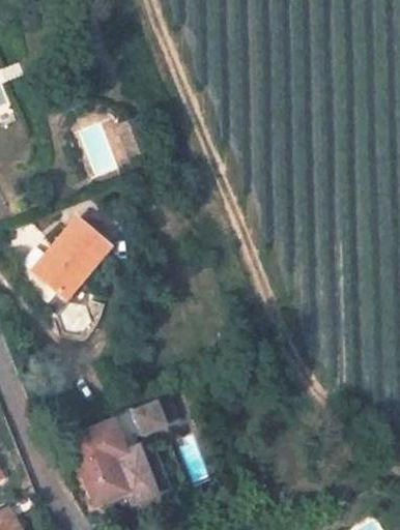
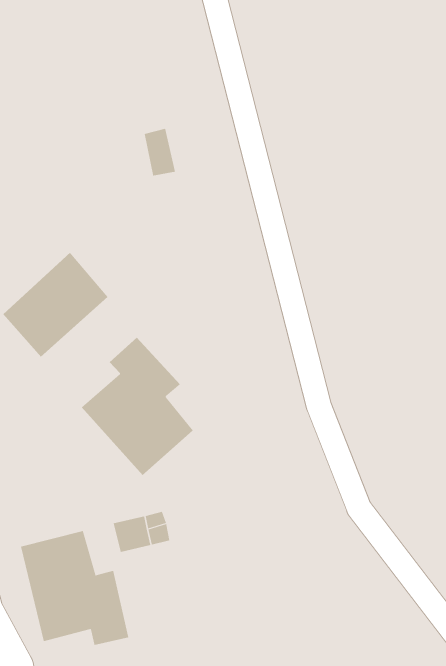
building: none -> [81,337,194,476]

